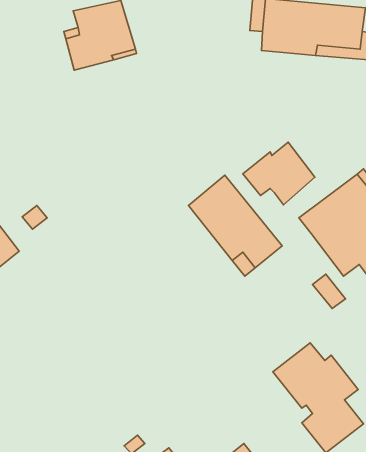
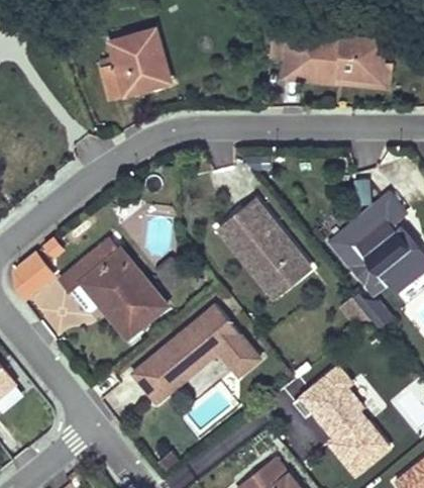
building: [243,142,315,205] -> none
building: none -> [60,239,165,337]
building: none -> [130,306,258,404]

